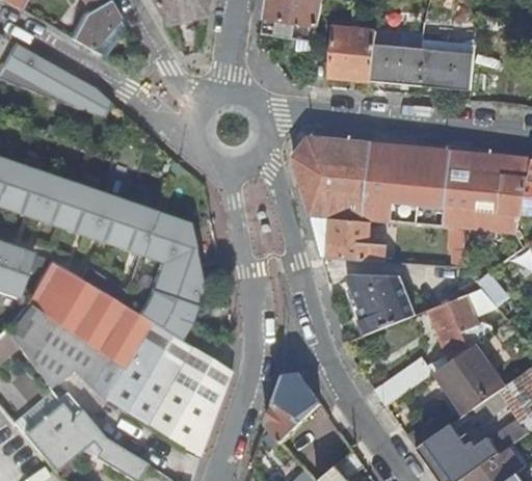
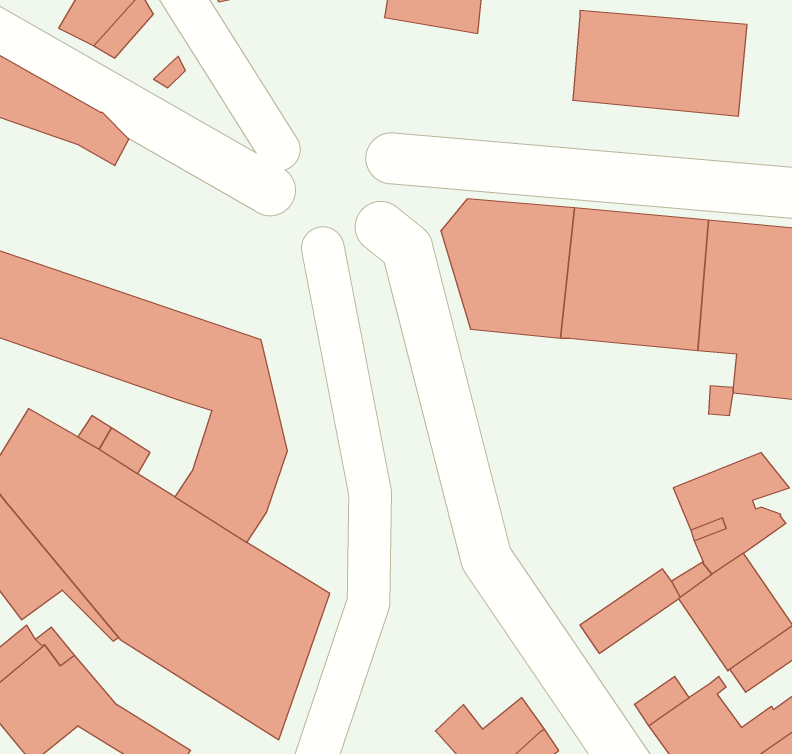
building: [331,25,376,79] -> none
building: [311,214,387,260] -> none
building: [348,273,417,333] -> none
building: [267,372,323,442] -> none

